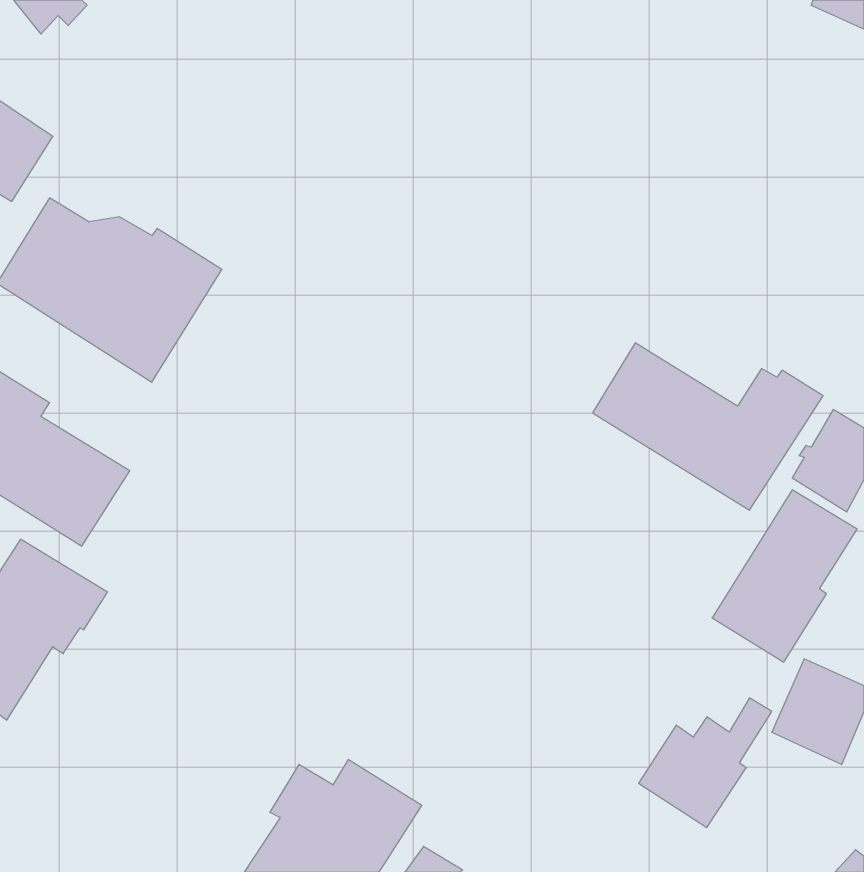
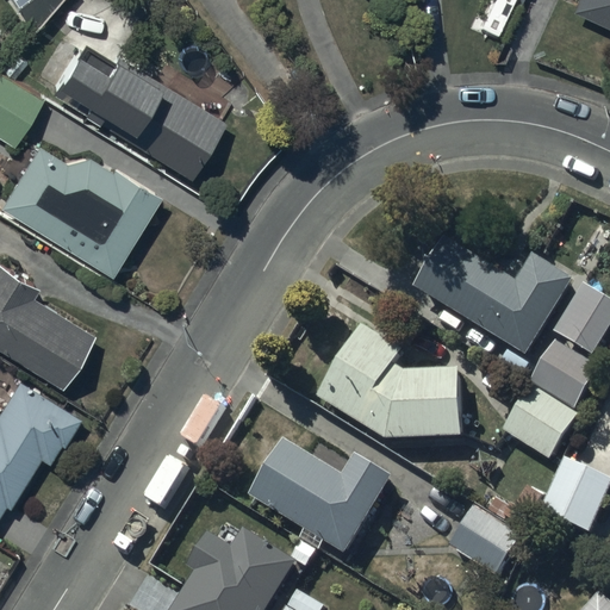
building: none -> [31,35,223,174]
building: none -> [318,326,463,442]
building: none -> [249,441,392,555]

